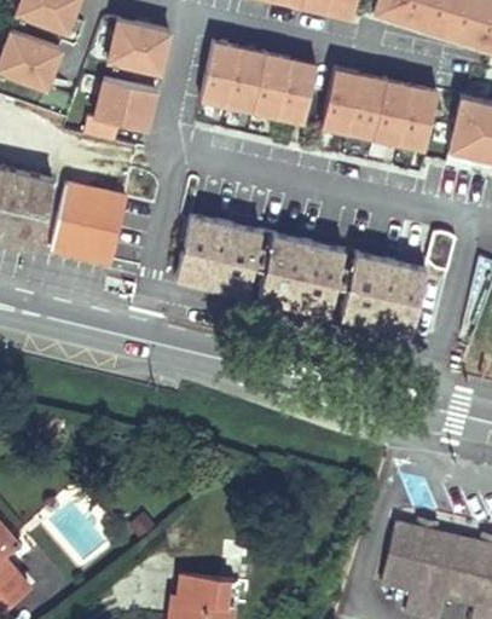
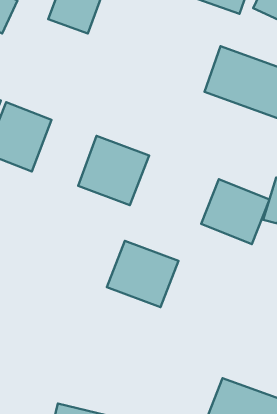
building: [202,41,316,126] -> none
building: [97,76,154,132] -> none
building: [259,227,348,308] -> [107,241,178,307]

